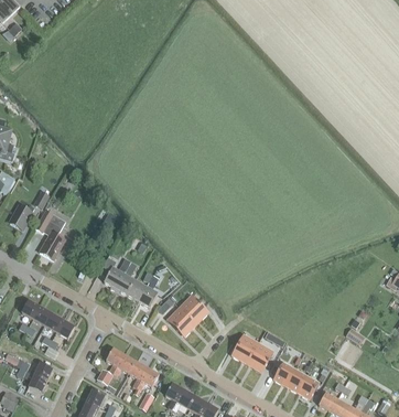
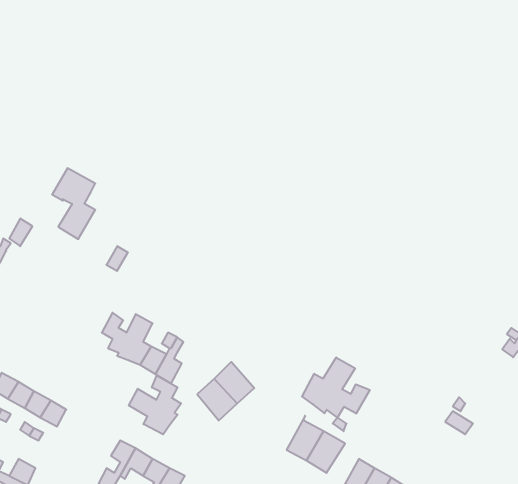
building: [34,210,65,260] -> [52,168,95,239]
building: none -> [302,357,370,417]
building: none -> [129,375,181,434]

